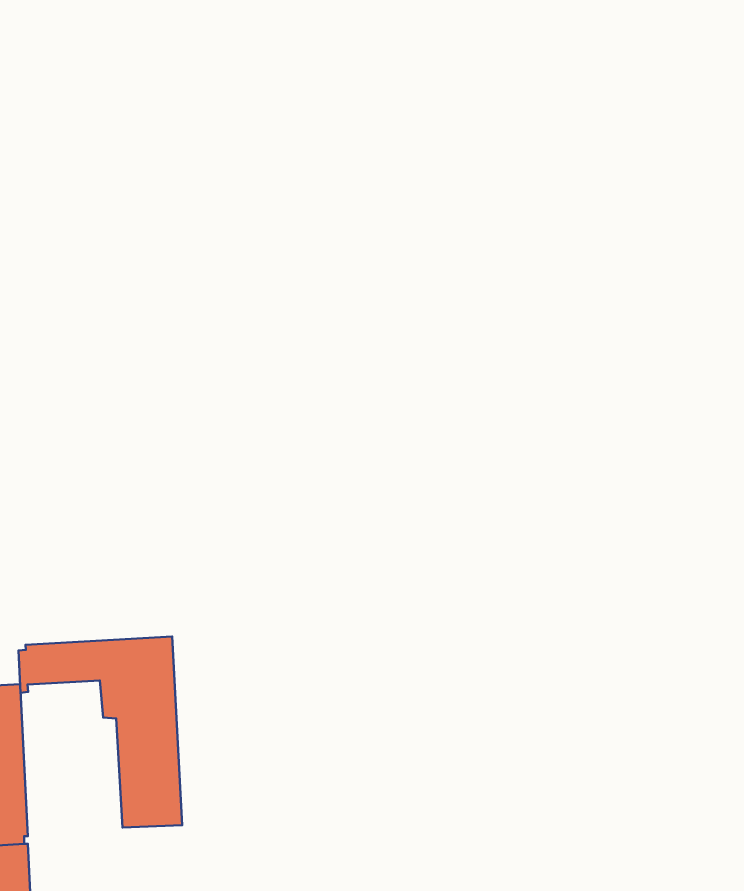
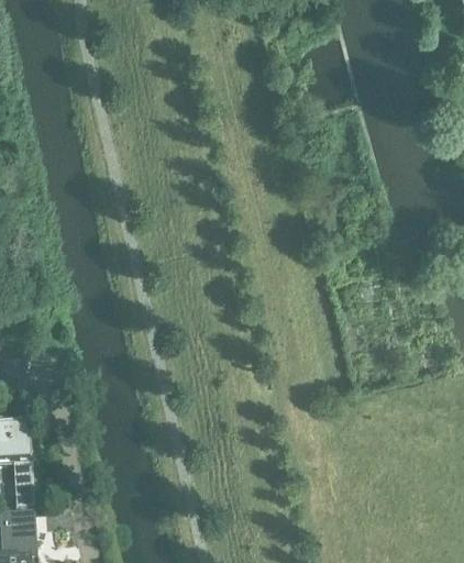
building: [19,637,182,827] -> none

